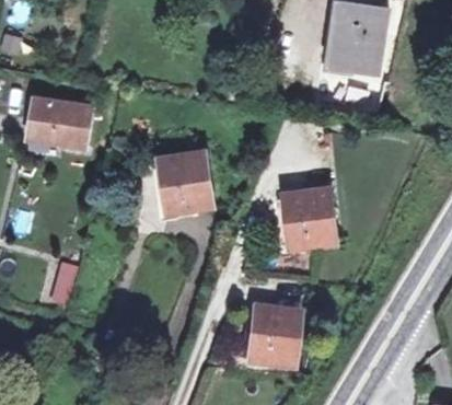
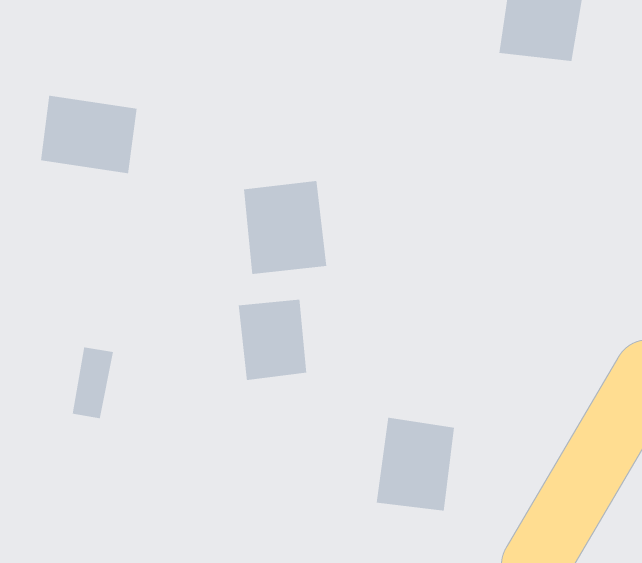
building: [282,187,333,247] -> none
building: none -> [238,299,307,381]

